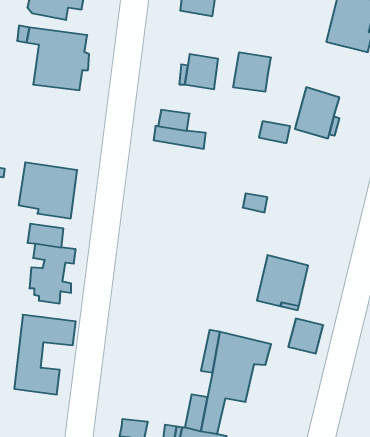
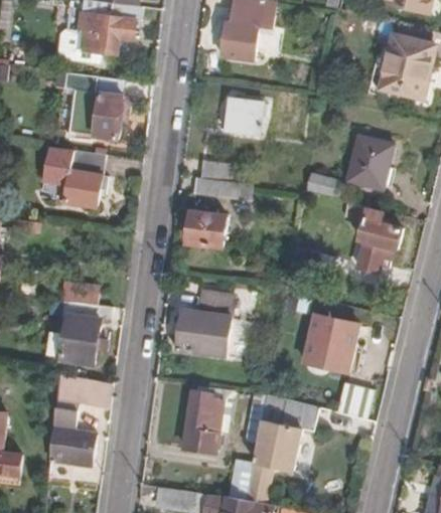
building: [233,52,271,92] -> none
building: none -> [343,202,404,273]
building: none -> [187,212,225,247]
building: [19,162,77,218] -> [41,147,104,206]
building: none -> [178,293,233,357]
building: none -> [181,394,224,457]

